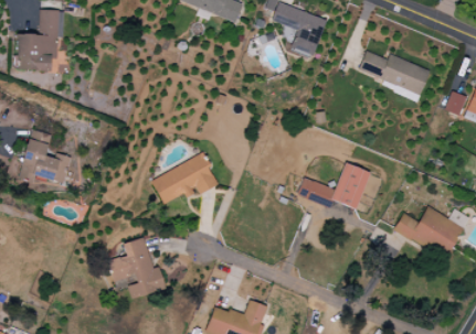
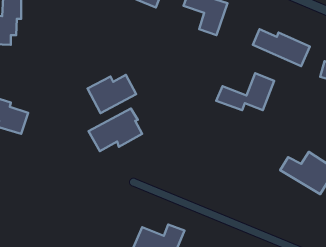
building: none -> [88,75,136,113]
building: [297,162,371,209] -> [216,73,274,110]
building: [108,234,169,299] -> none

